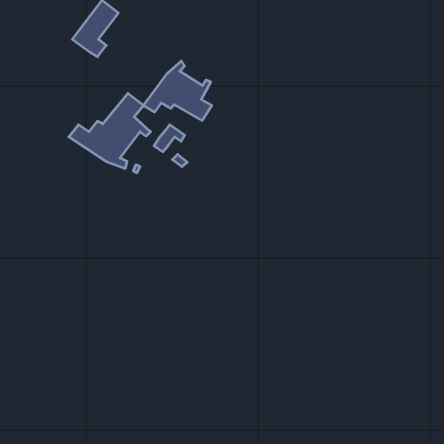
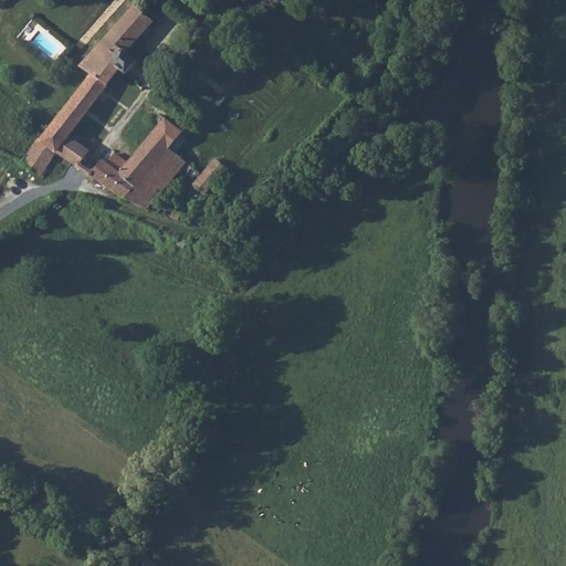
building: none -> [17,50,116,174]
building: [144,61,212,120] -> none

